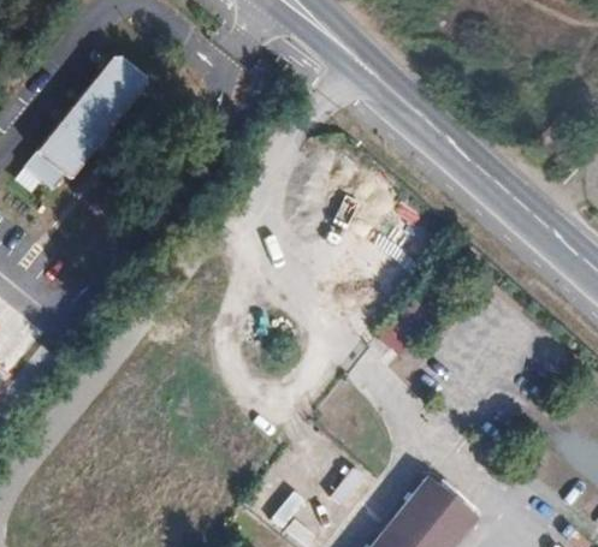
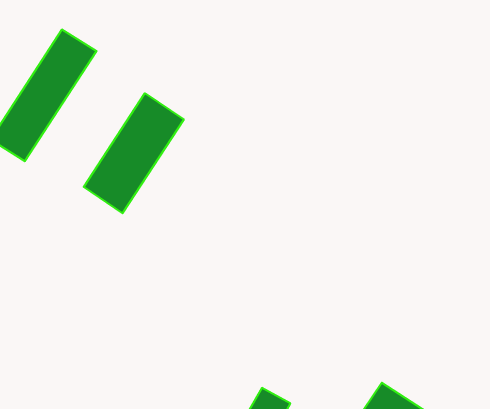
building: none -> [84,93,184,213]

